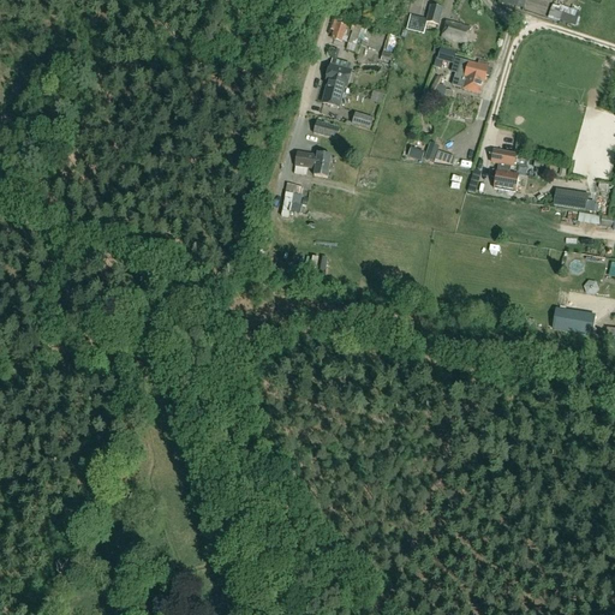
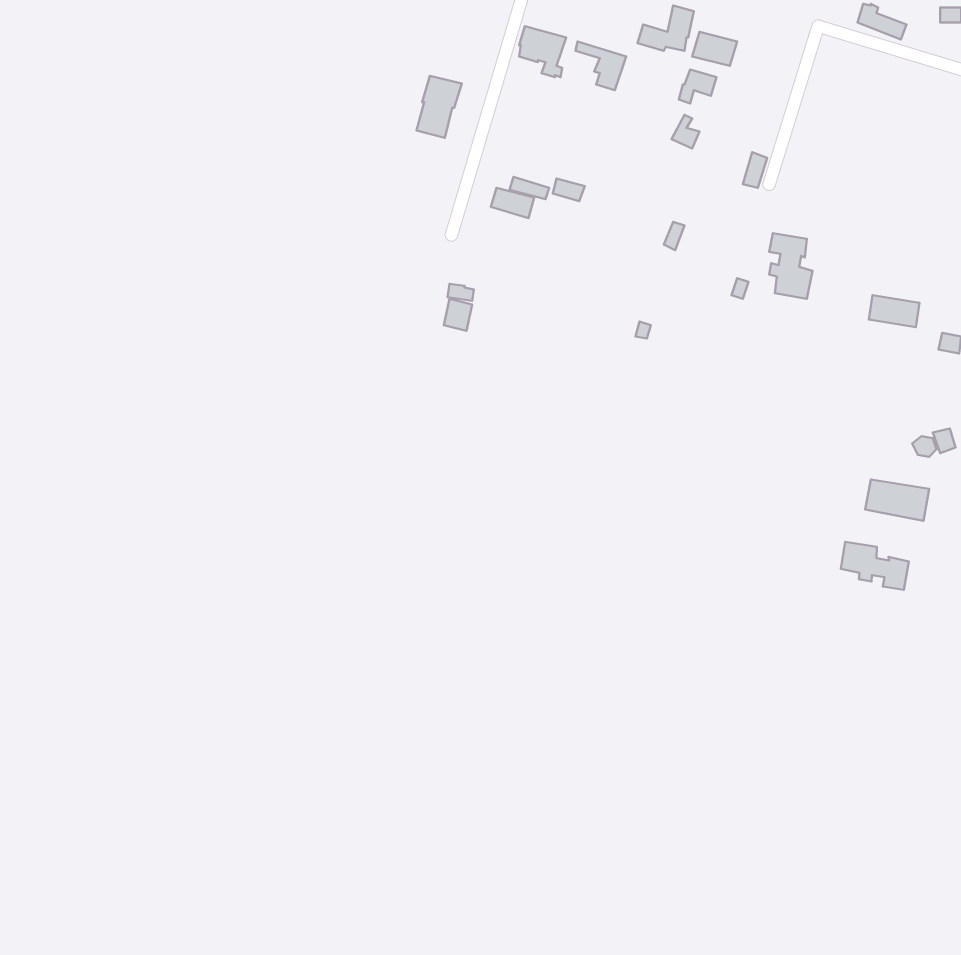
building: [453,59,490,92] -> none
building: [322,65,351,105] -> [417,76,462,138]
building: [295,151,332,177] -> none
building: none -> [841,542,909,590]

